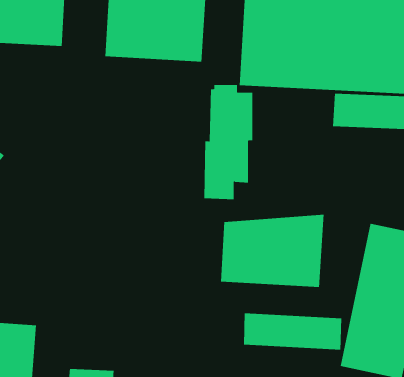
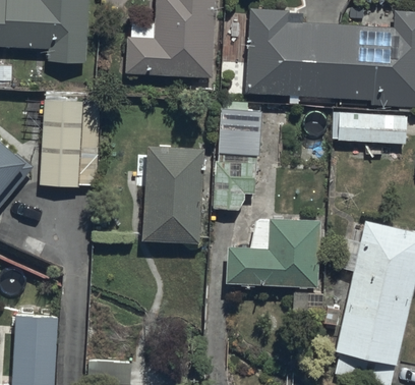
building: none -> [38,90,101,183]
building: none -> [143,146,210,246]
building: [243,312,342,351] -> none

